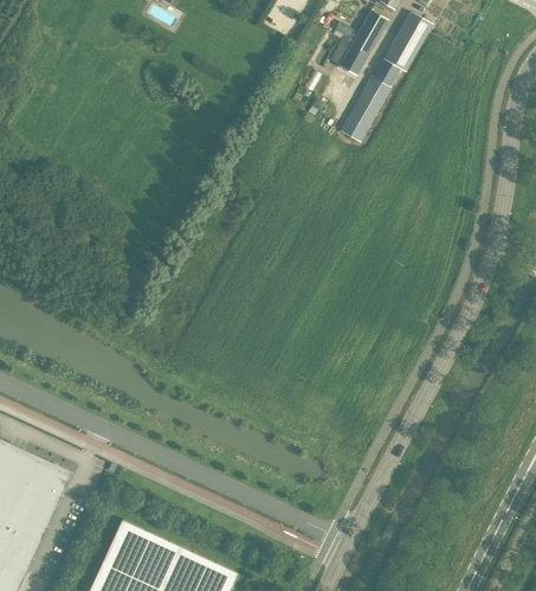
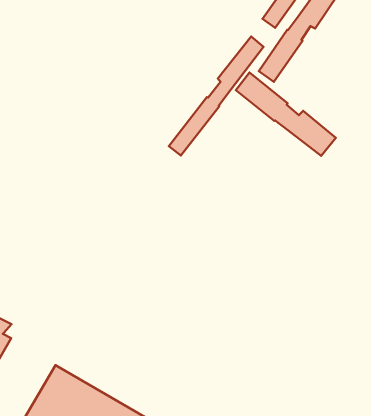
building: none -> [169,36,263,155]
building: none -> [236,73,336,156]

